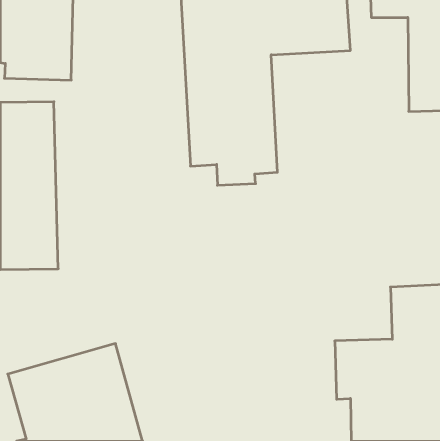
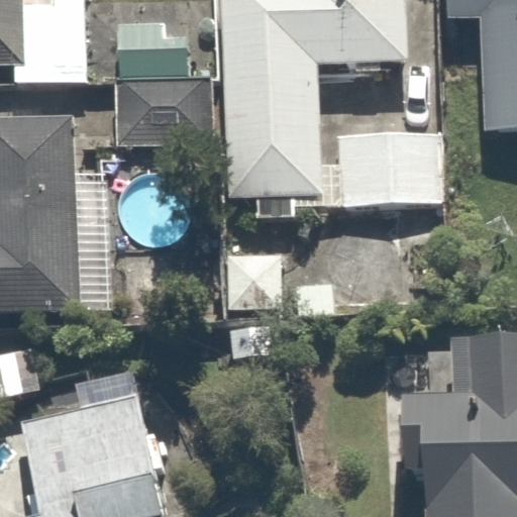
building: none -> [113,38,210,139]
building: none -> [333,130,444,204]

